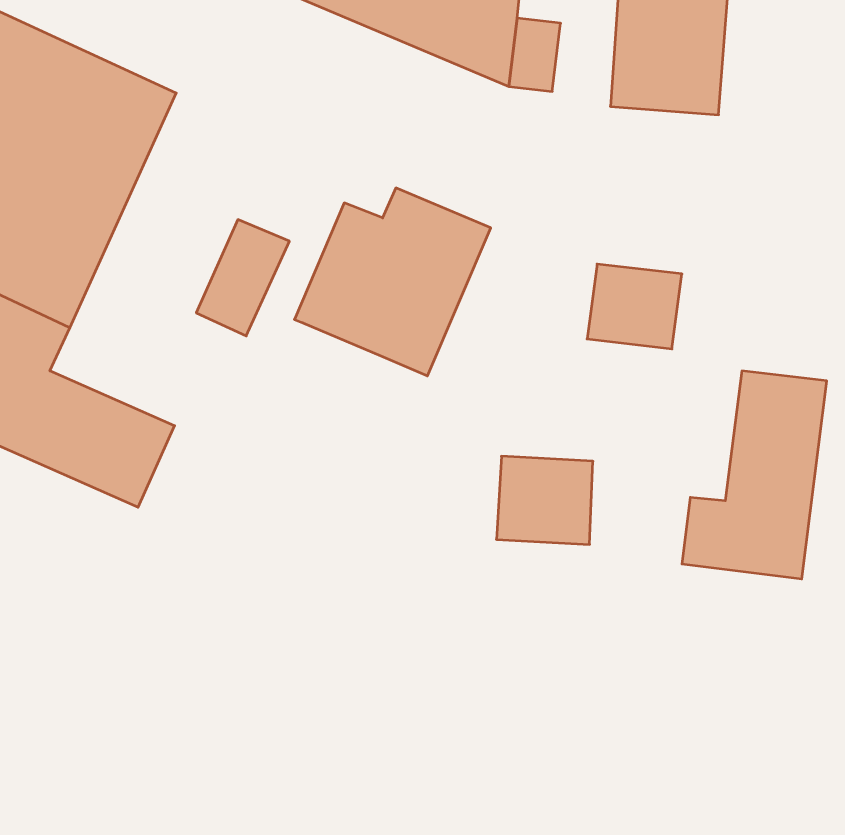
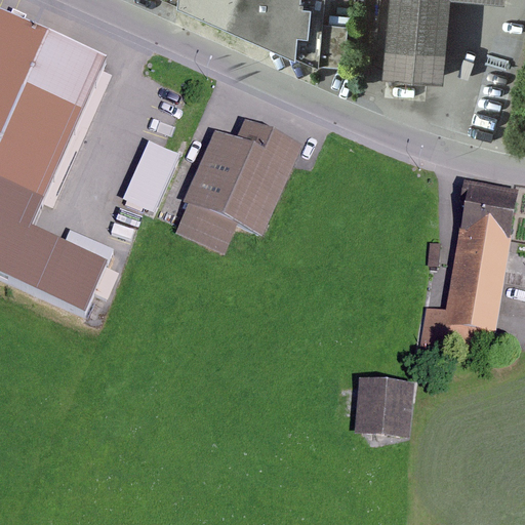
building: [587,264,682,349] -> [457,183,516,235]
building: none -> [174,199,235,248]
building: [496,456,593,544] -> [355,380,414,435]

